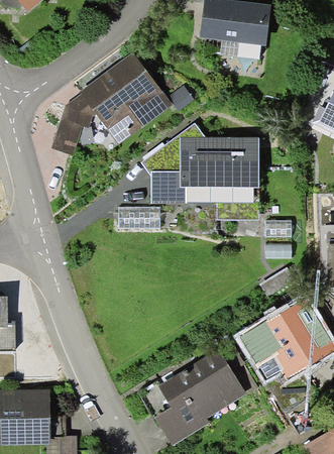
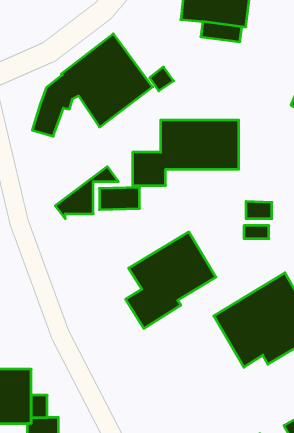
building: [141,123,205,176] -> [55,167,118,219]
building: [154,349,245,446] -> [126,232,216,328]

